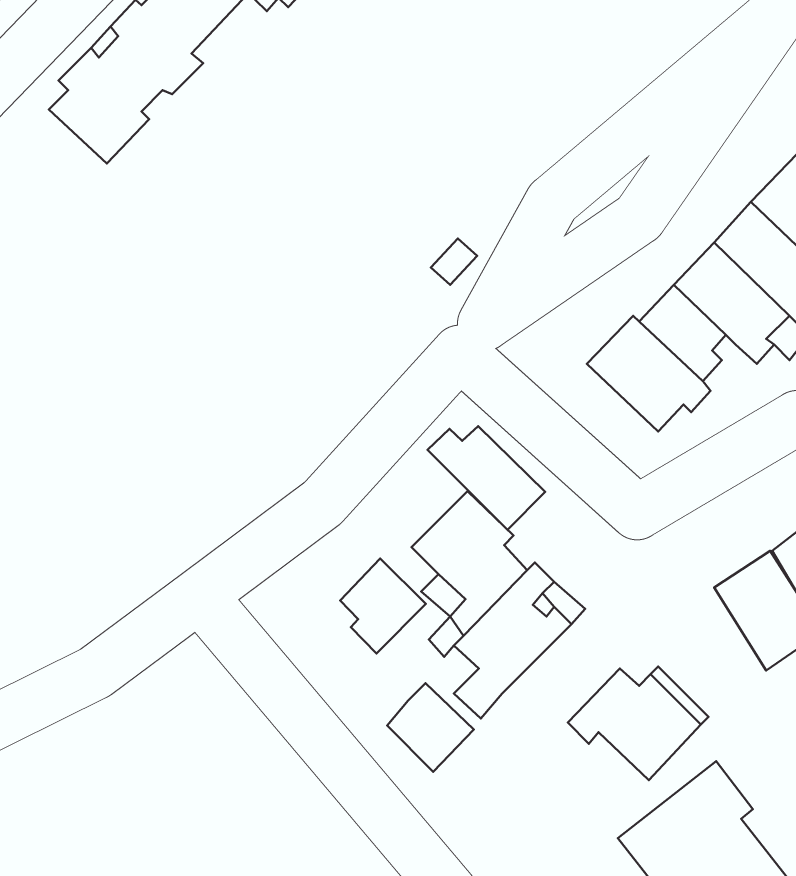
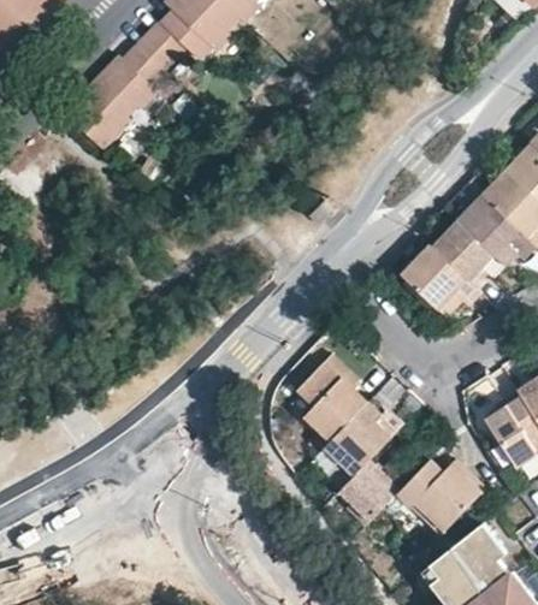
building: [428,426,545,530] -> none
building: [340,559,426,653] -> none
building: [387,683,474,772] -> [338,468,392,523]

